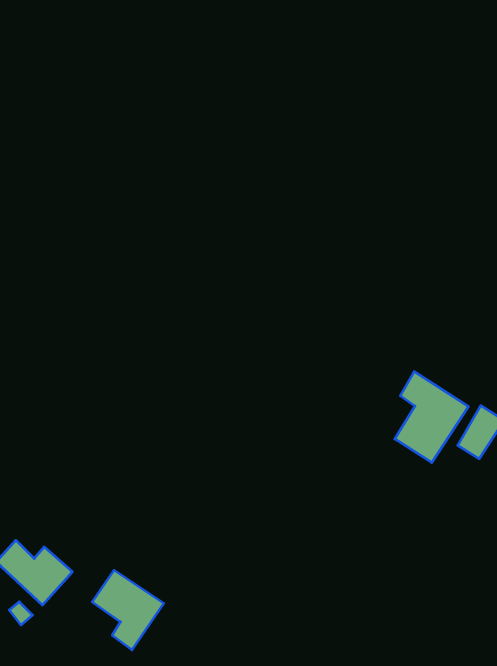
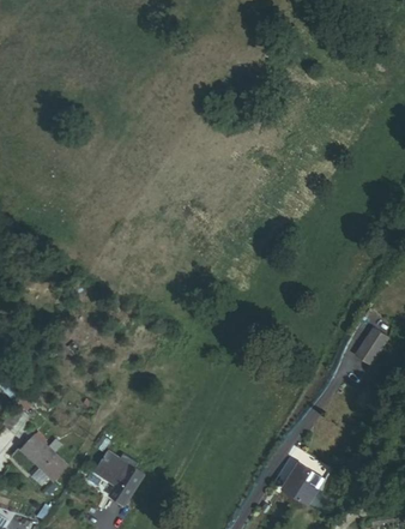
building: [395,372,468,463] -> none
building: none -> [285,465,320,505]

